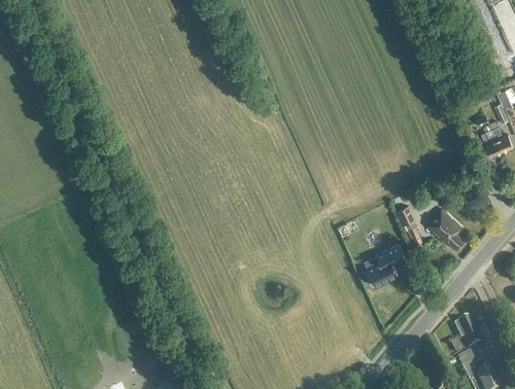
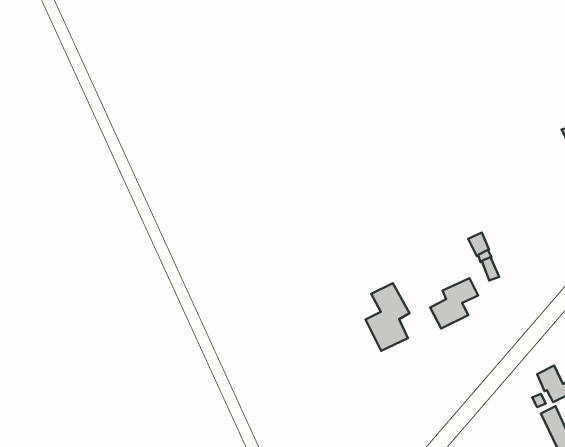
building: [425,207,464,247] -> none
building: none -> [365,283,409,351]

